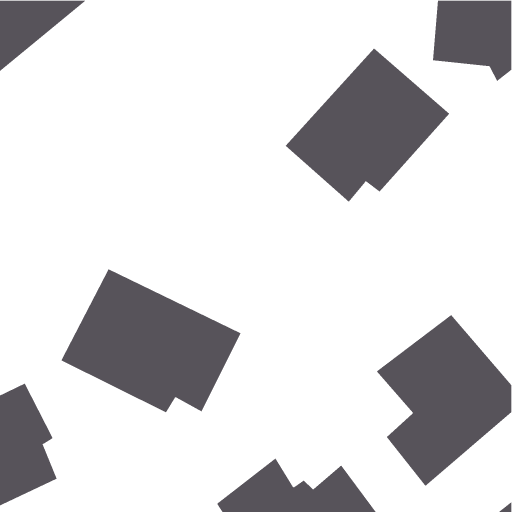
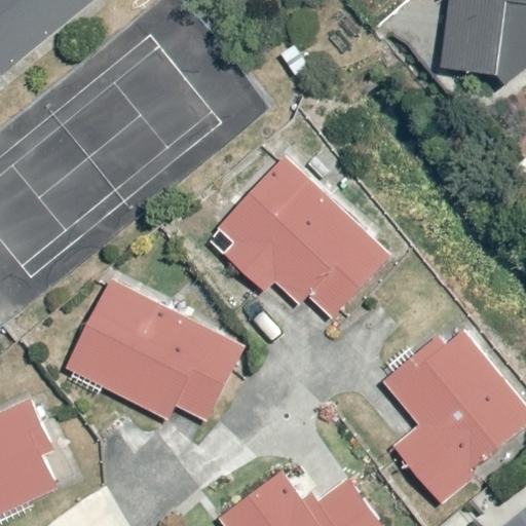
building: [285,48,450,203] -> none
building: none -> [220,156,390,317]

